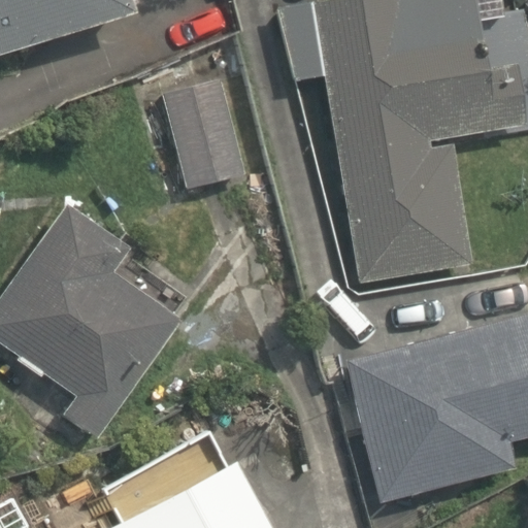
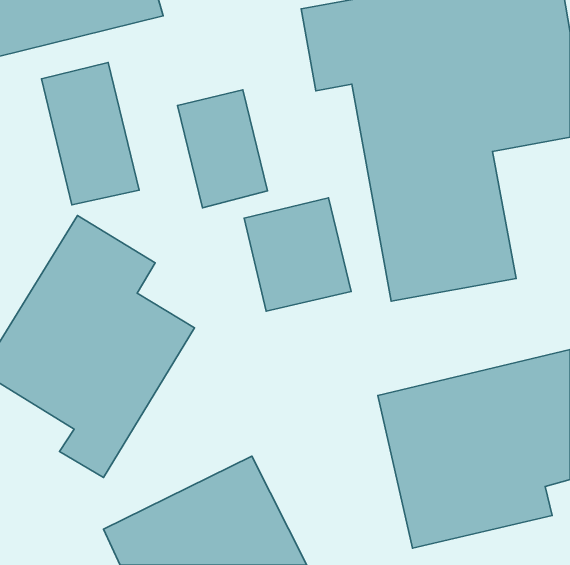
building: none -> [42,63,139,205]
building: none -> [244,198,351,311]

